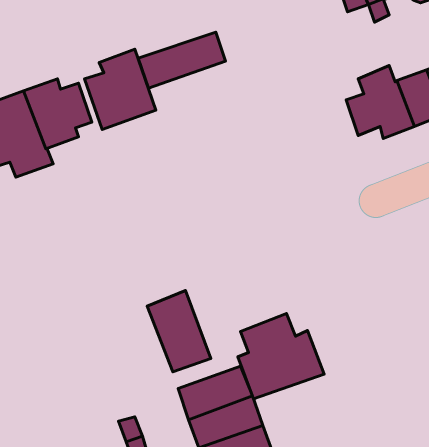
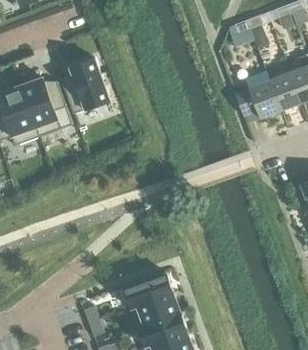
building: [138,32,226,88] -> none
building: [147,291,211,372] -> none
building: [238,314,324,399] -> none

